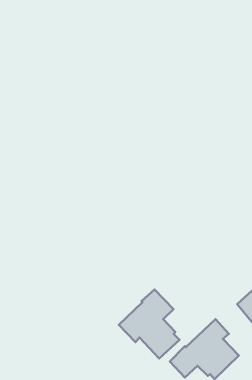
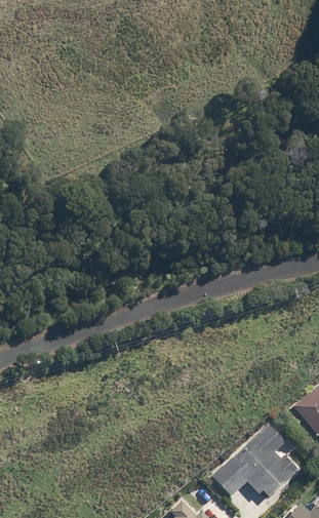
building: [119,290,180,358] -> none

